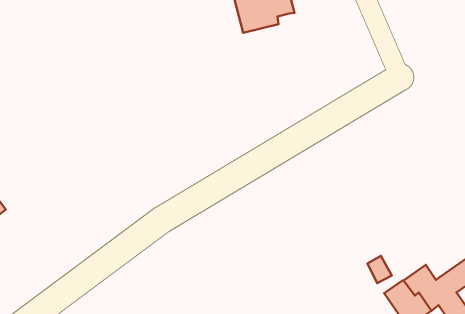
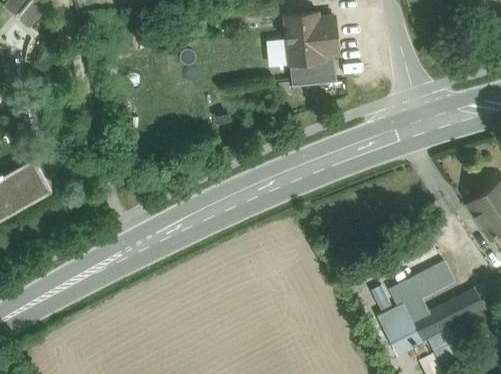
building: none -> [288,53,335,86]
building: none -> [389,262,453,308]

